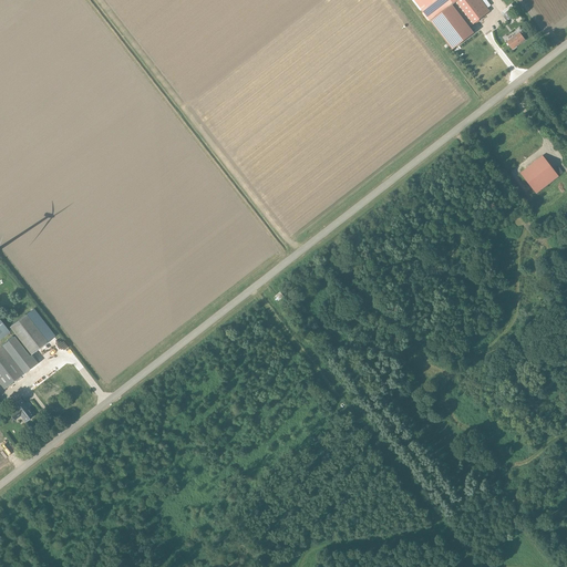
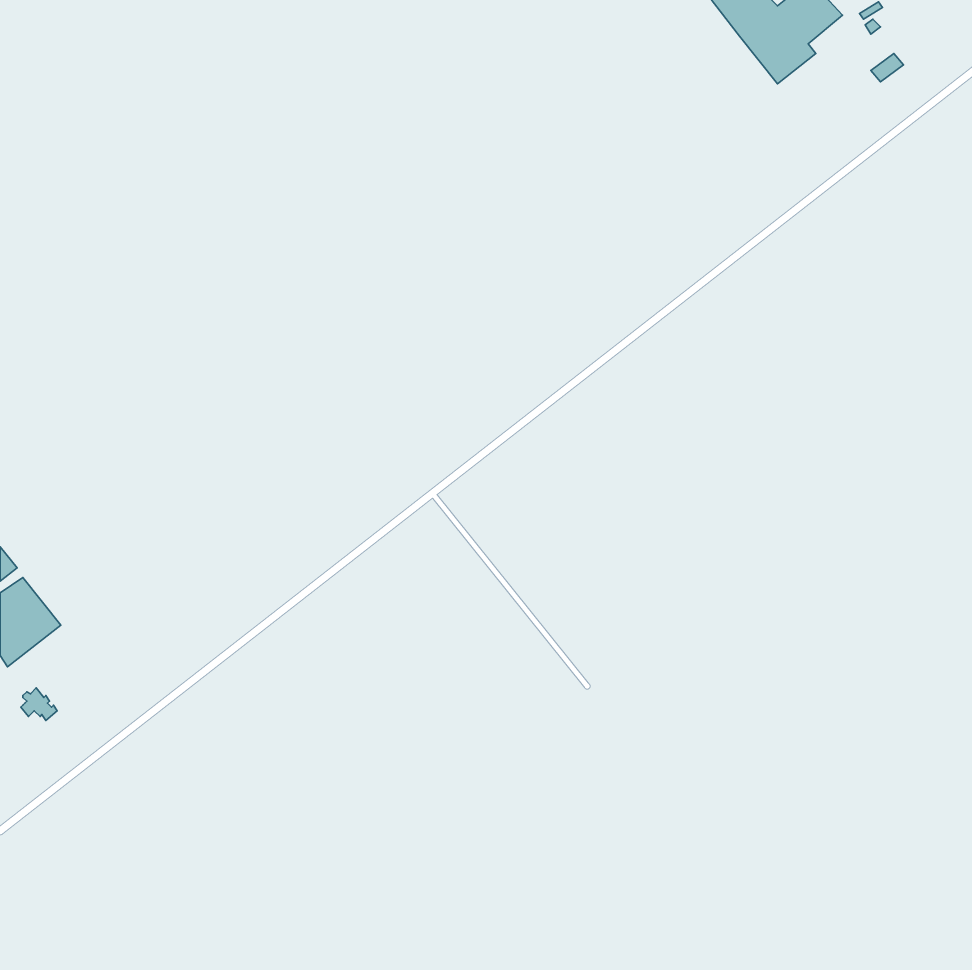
building: [522,154,559,192] -> none
building: [11,312,49,352] -> none

